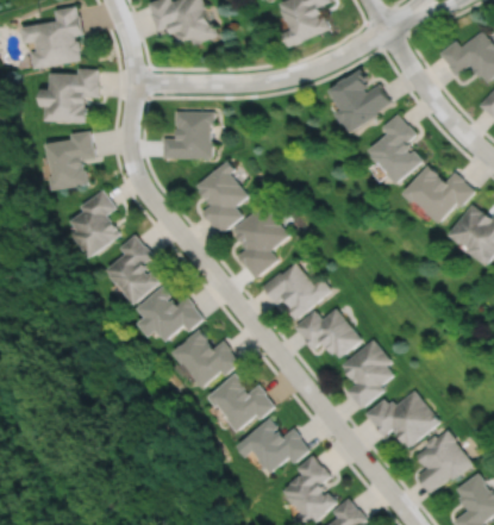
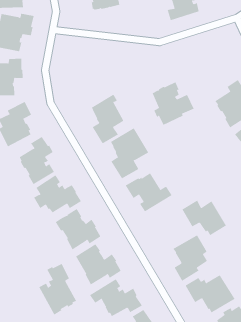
building: [330,68,393,132] -> [152,82,195,126]
building: [163,111,213,157] -> none
building: [294,308,361,358] -> [182,200,227,236]
building: none -> [38,263,77,316]

